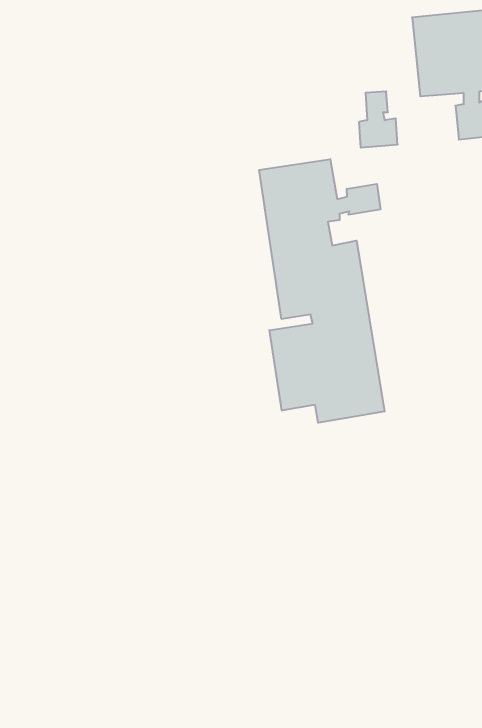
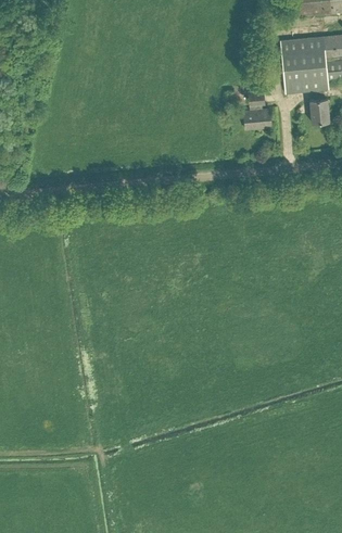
building: [259,159,384,423] -> none

